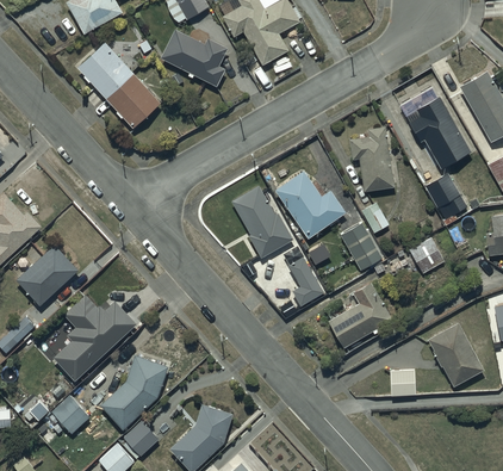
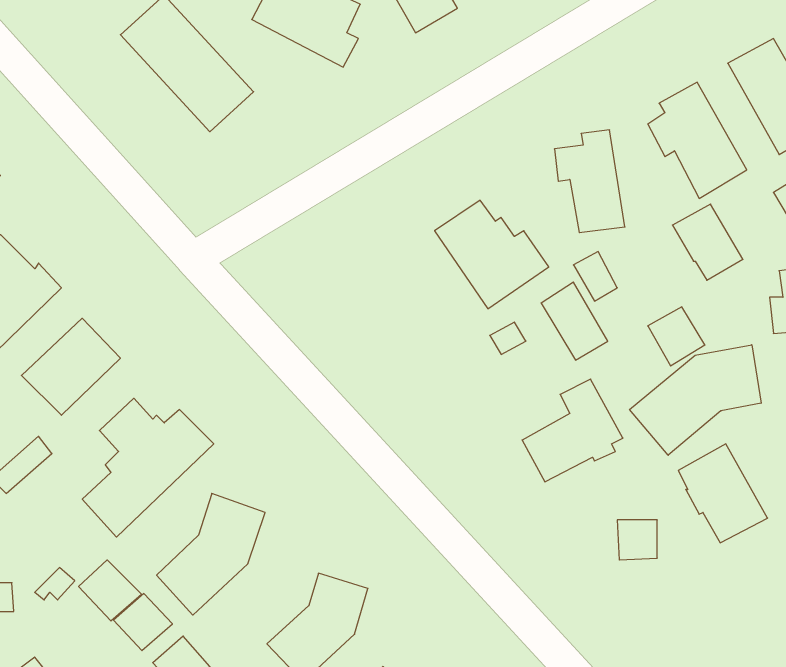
building: [231,185,293,259] -> none
building: [281,248,324,317] -> none
building: none -> [630,345,761,455]
building: [123,421,160,457] -> [113,594,172,651]

